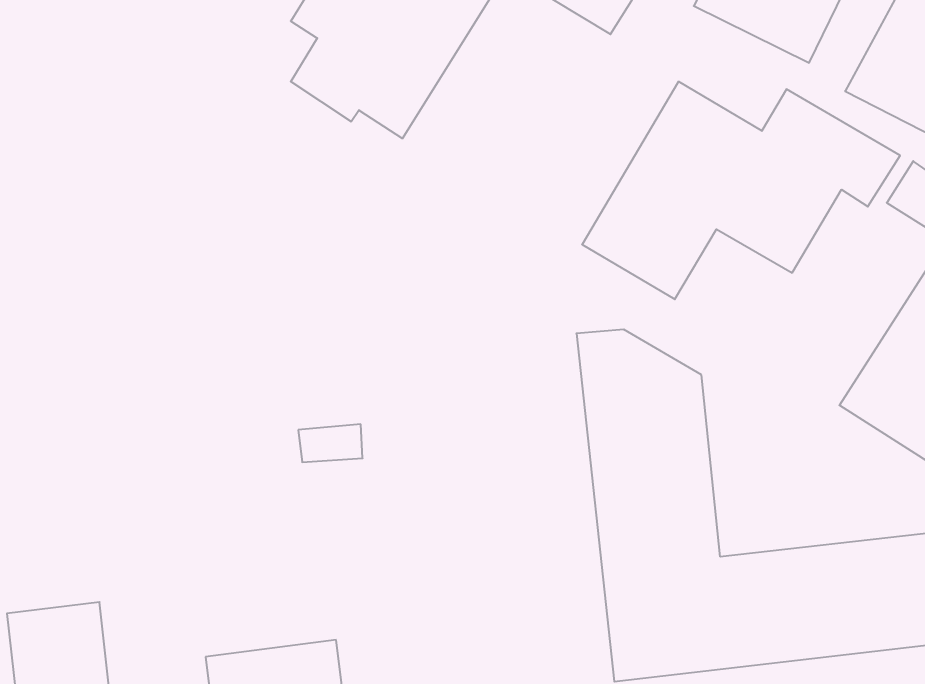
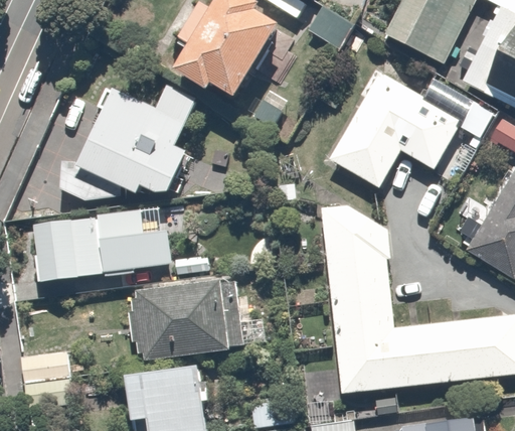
building: none -> [60,85,195,201]
building: none -> [31,205,167,282]
building: none -> [127,280,239,363]

